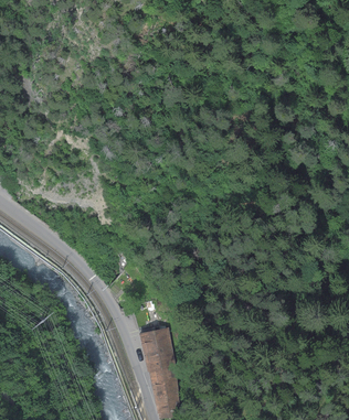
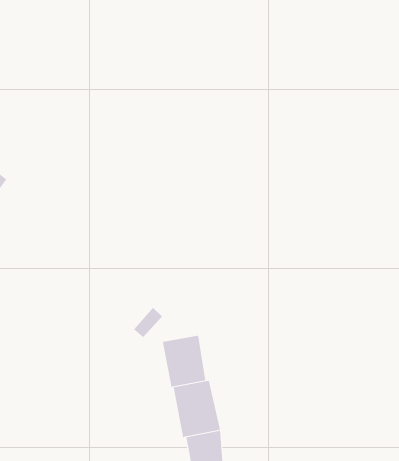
building: none -> [162,335,206,388]

